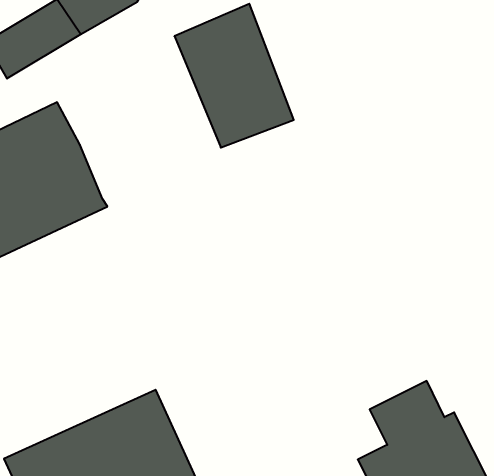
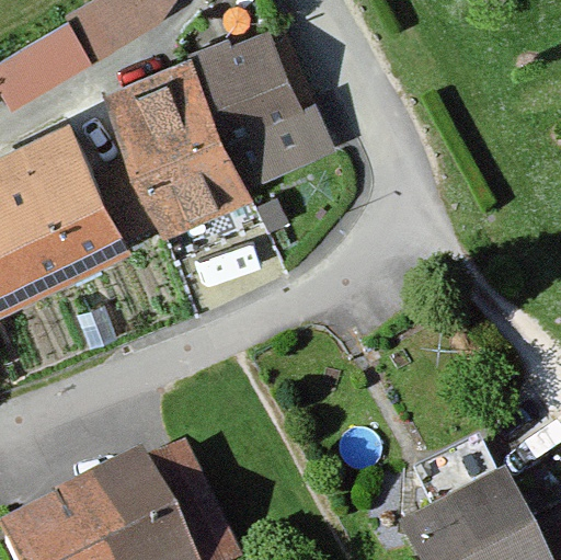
building: none -> [94,59,256,240]

